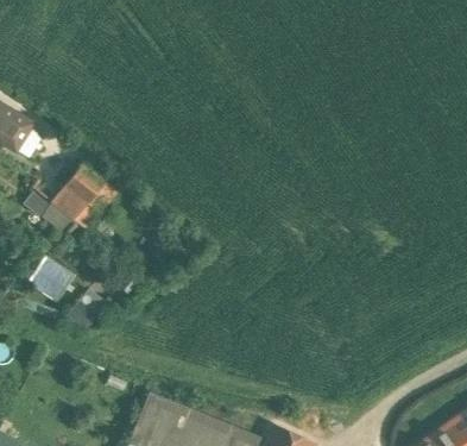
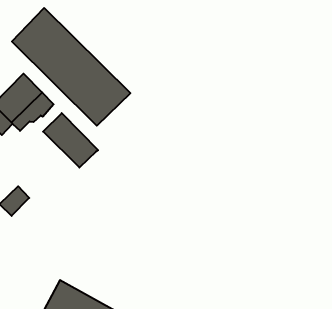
building: none -> [12,8,130,126]
building: none -> [43,113,98,168]

